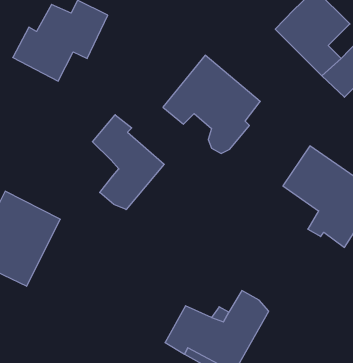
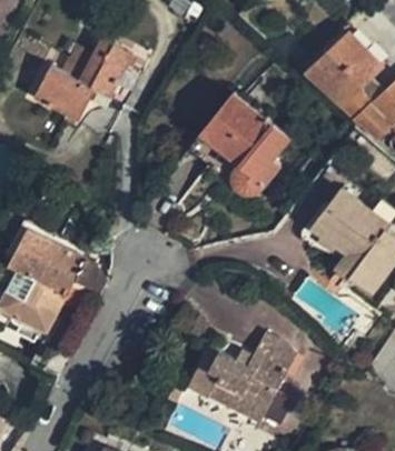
building: [92,115,164,210] -> none

